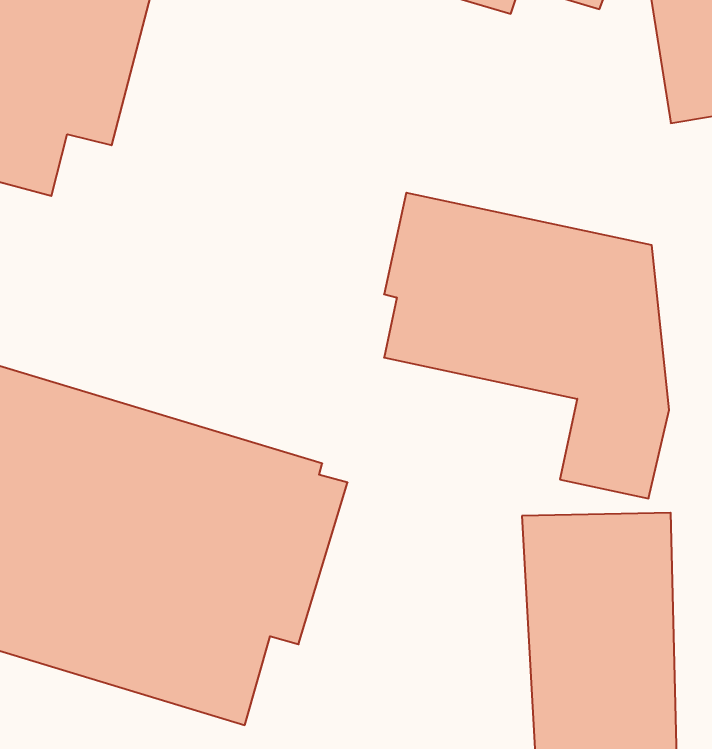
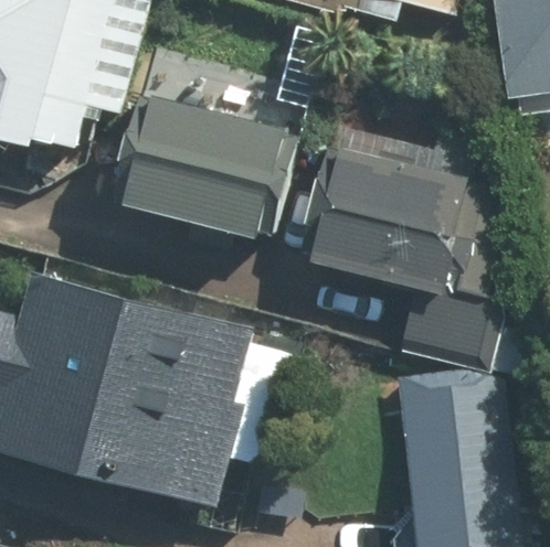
building: none -> [110,94,286,242]

